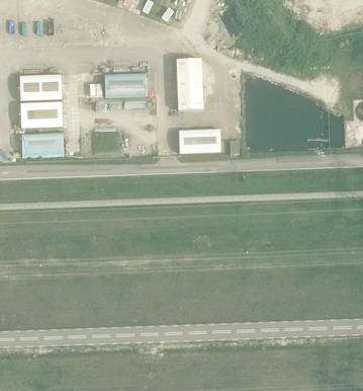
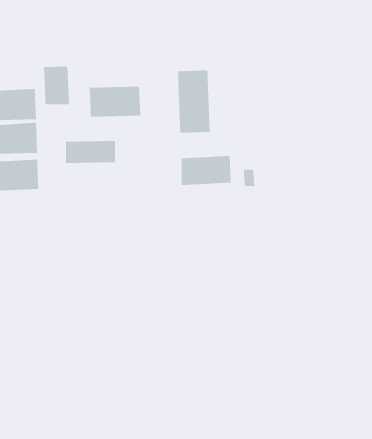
building: none -> [44,66,69,105]
building: none -> [65,140,115,164]

